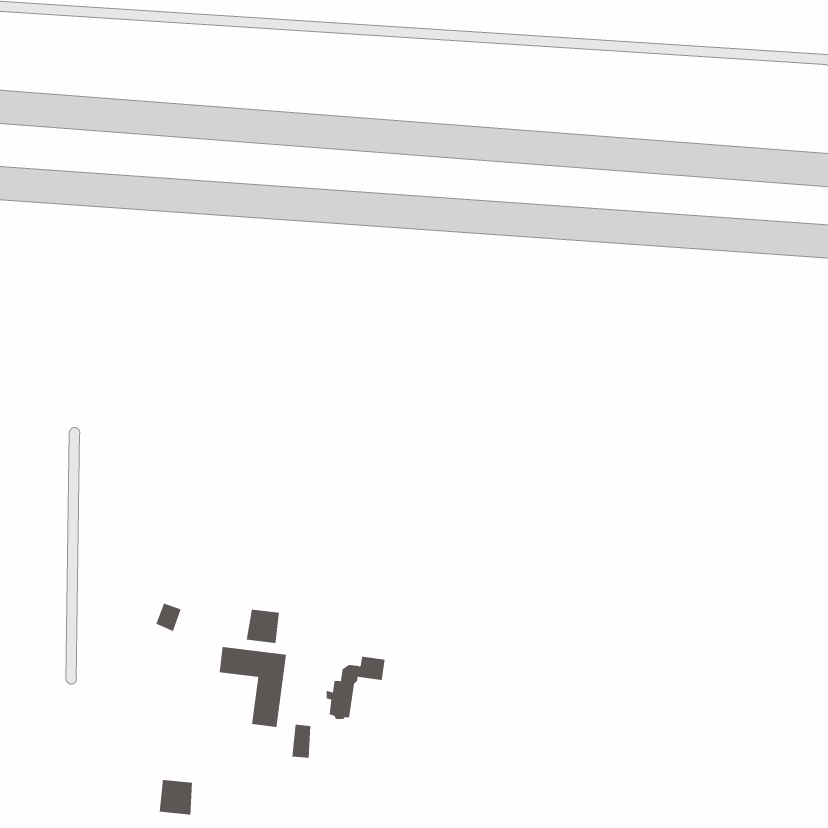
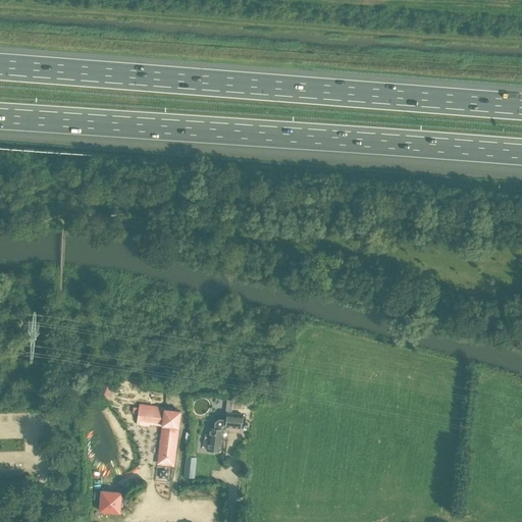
building: [246,609,280,644] -> none

